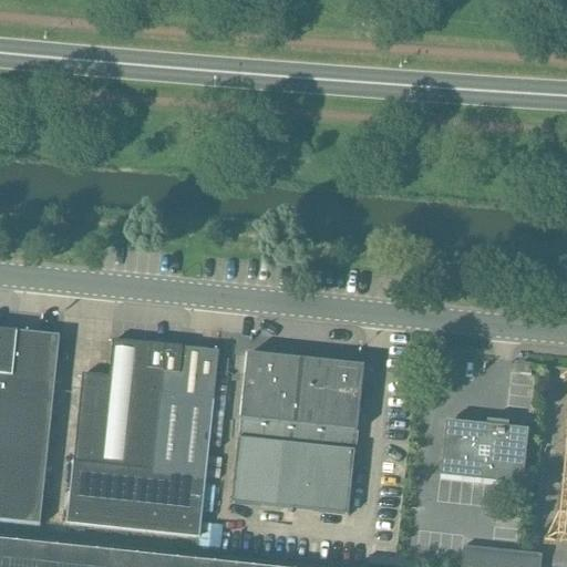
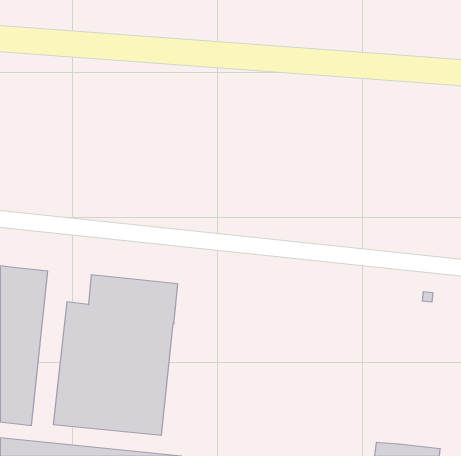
building: [230,351,363,512] -> none
building: [440,419,527,484] -> none

